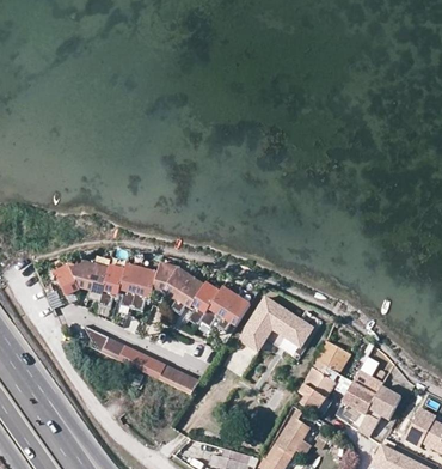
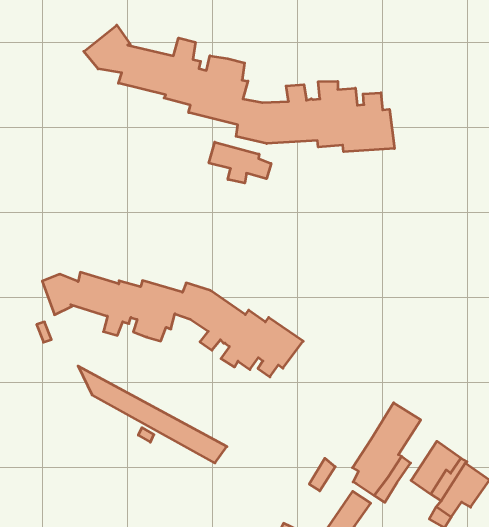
building: none -> [84,25,394,152]
building: none -> [209,142,271,183]
building: [238,297,312,349] -> none

